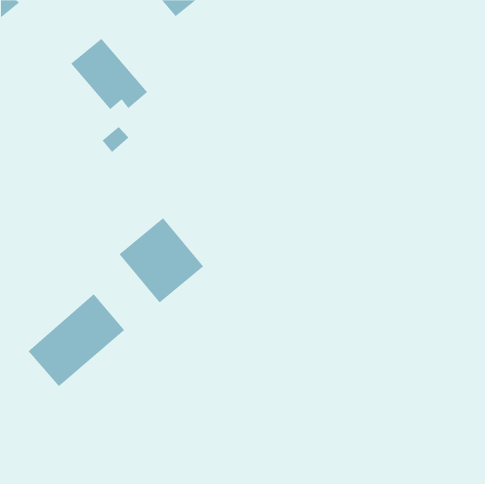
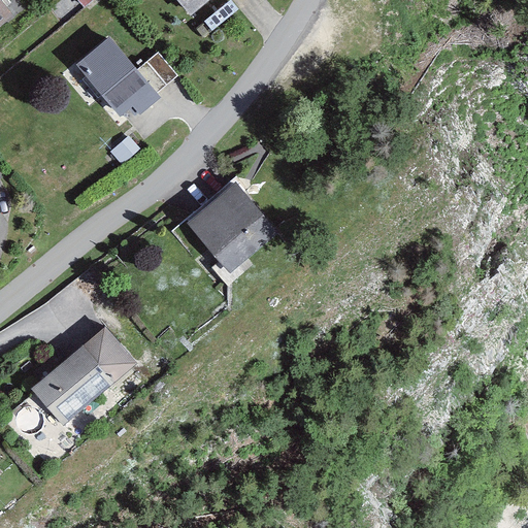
building: none -> [137,54,177,95]
building: [119,217,204,304] -> [185,180,277,274]

